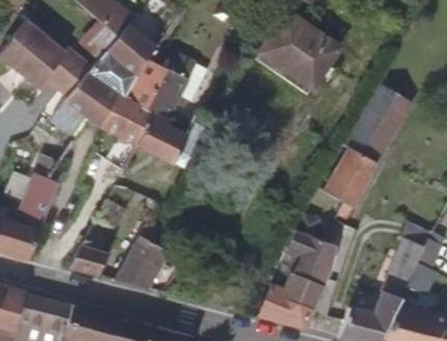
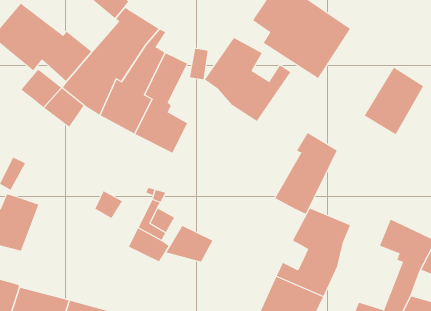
building: none -> [204,37,291,122]
building: [324,130,385,209] -> [275,132,338,215]
building: [21,157,59,215] -> none
building: [69,243,110,279] -> none
building: [114,256,160,291] -> [165,225,213,262]

